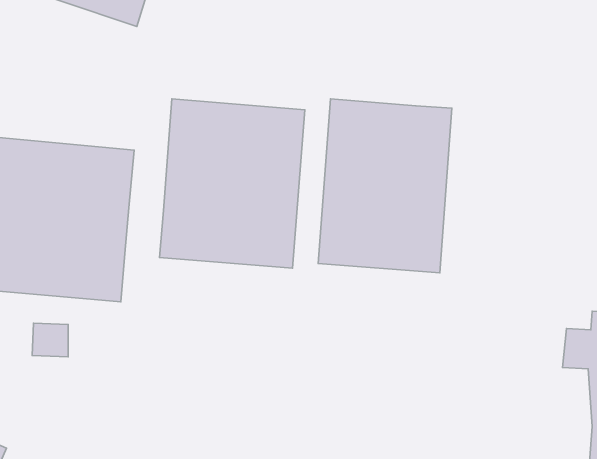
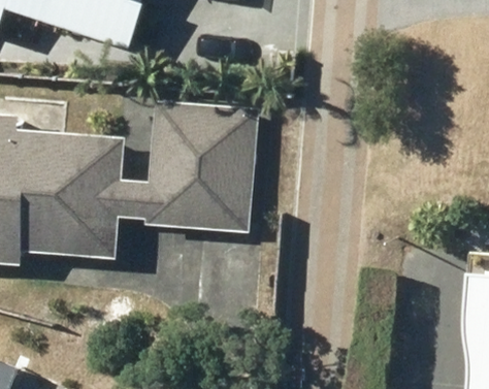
building: [318,99,452,273] -> none

